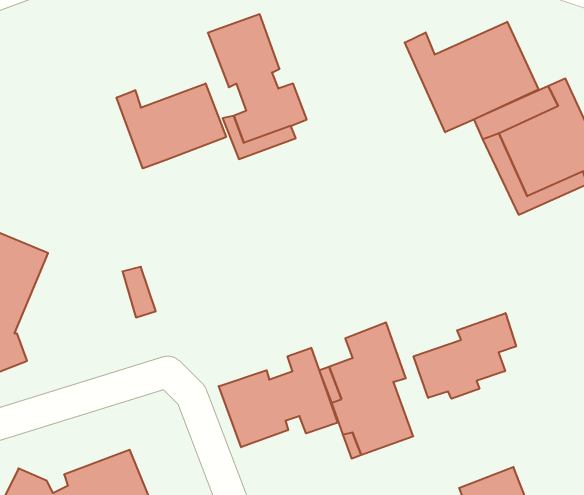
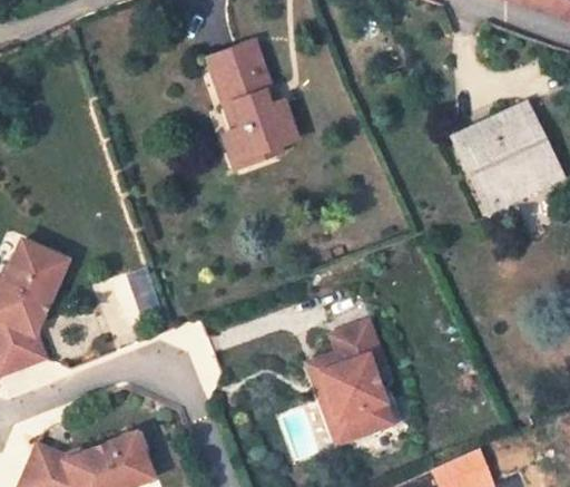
building: [405,22,538,132] -> none
building: [117,83,226,168] -> none
building: [414,313,516,399] -> none
building: [219,348,338,447] -> none

